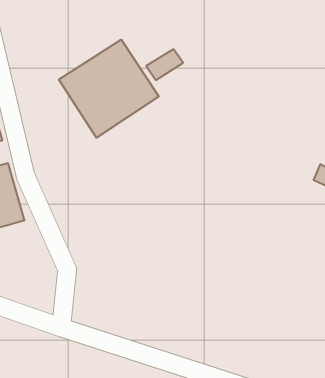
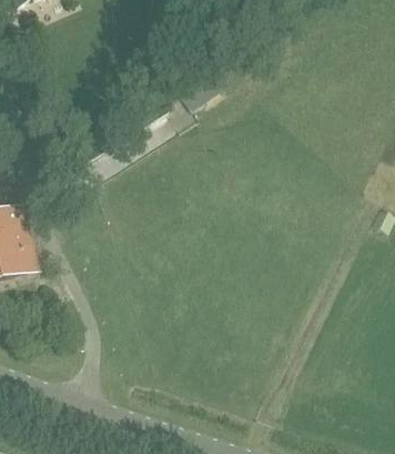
building: [59,40,159,138] -> none

